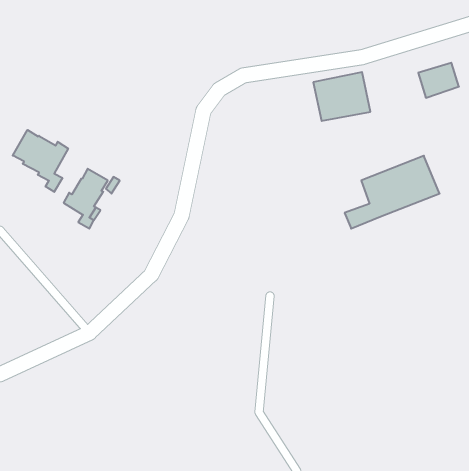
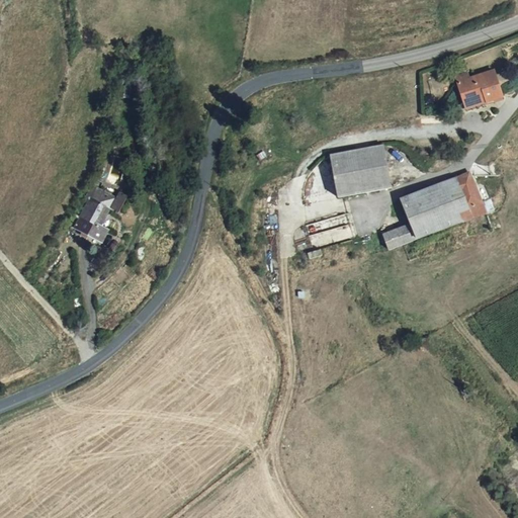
building: [313,72,370,121] -> [326,144,388,197]
building: [13,130,68,192] -> none

